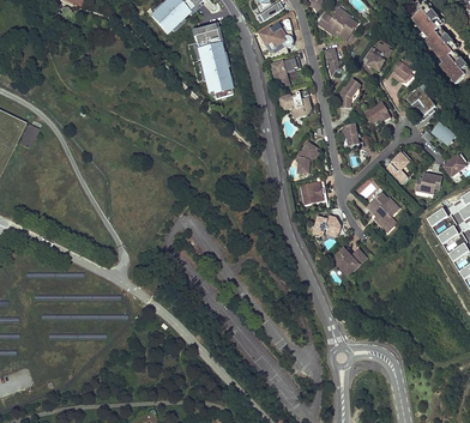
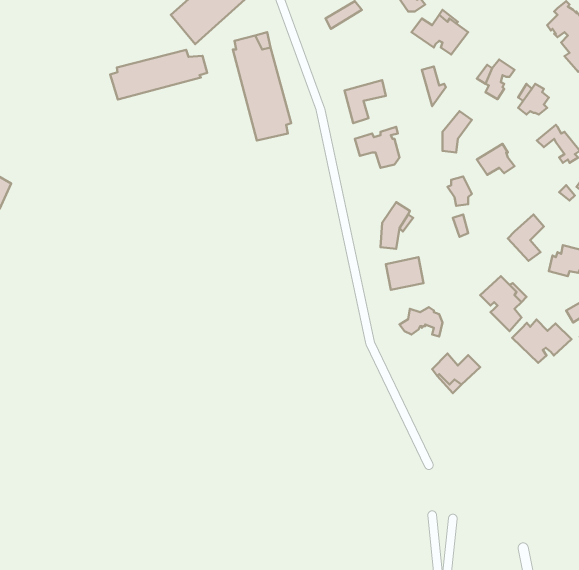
building: [258,23,293,49] -> none
building: none -> [110,50,207,100]
building: none -> [512,319,571,363]

